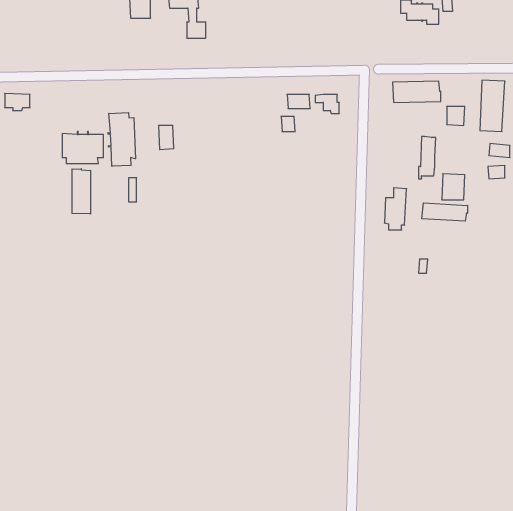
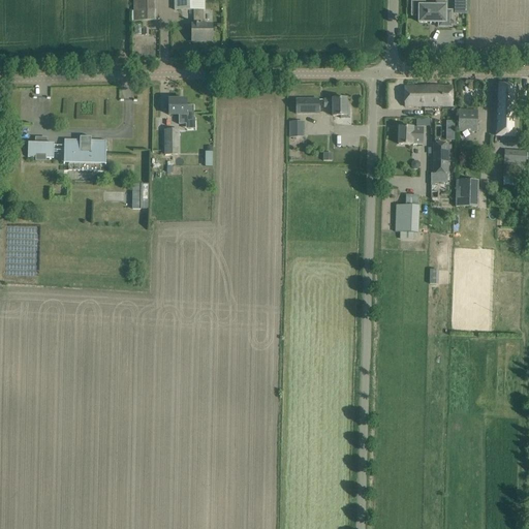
building: [5,93,30,111] -> [28,141,54,158]
building: none -> [168,98,194,122]
building: [108,113,136,166] -> none
building: none -> [398,125,423,143]
building: [72,169,90,214] -> none
building: [422,203,468,221] -> none

